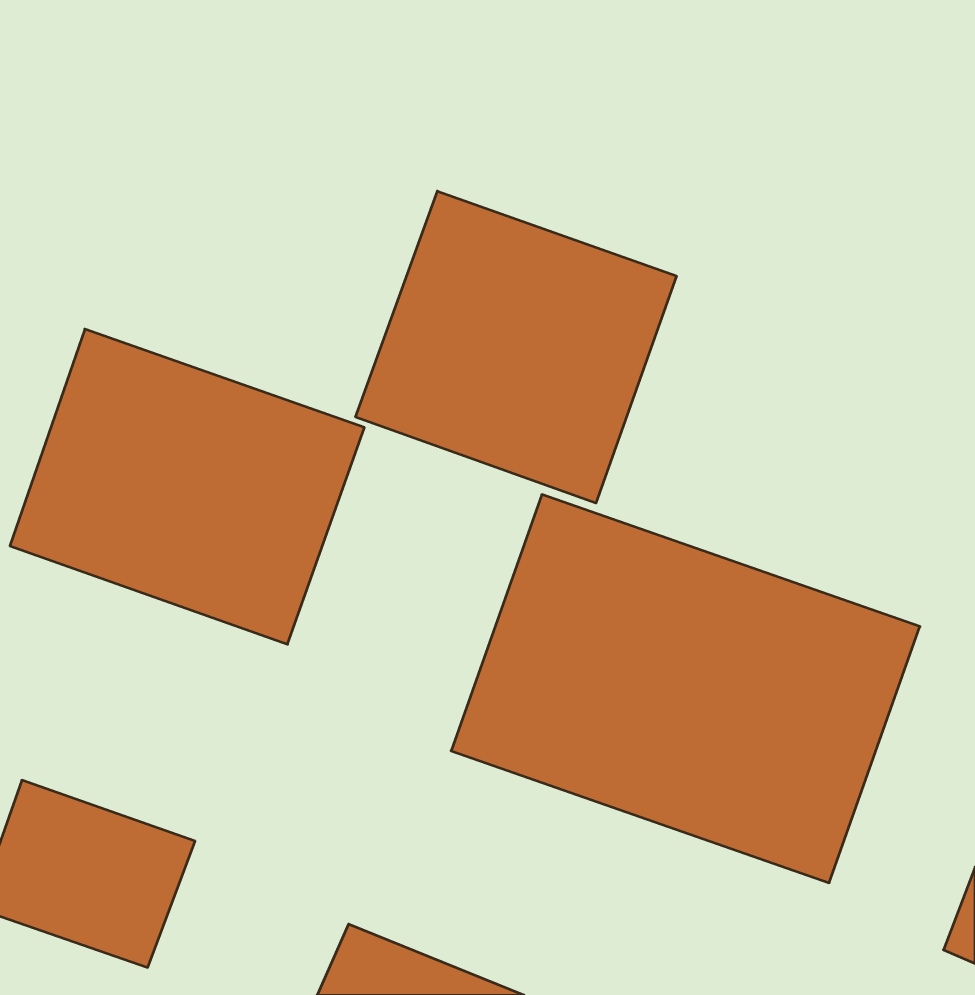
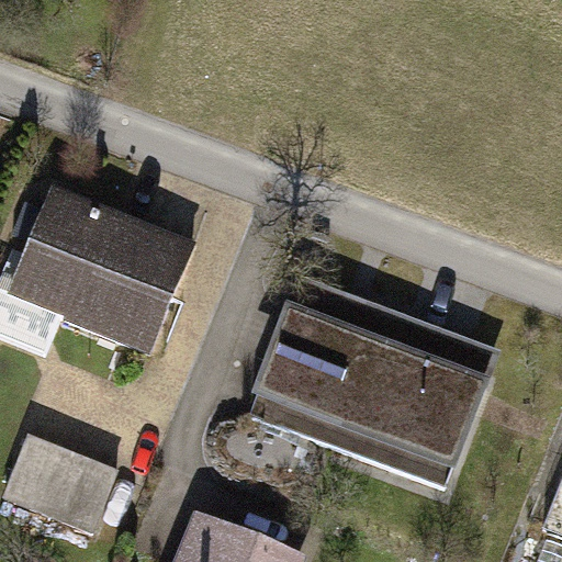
building: [356,191,676,503] -> none

